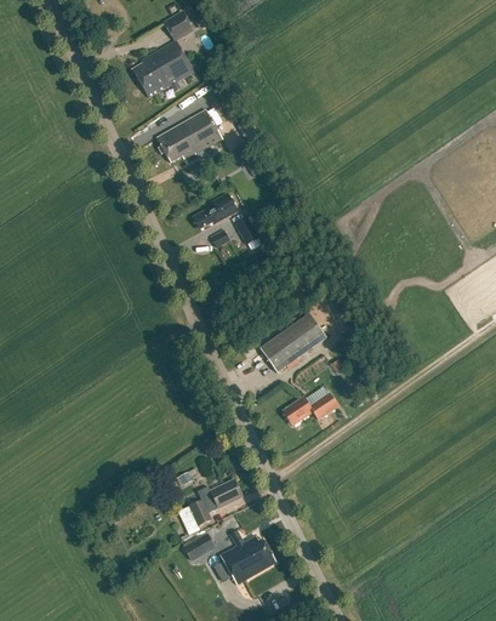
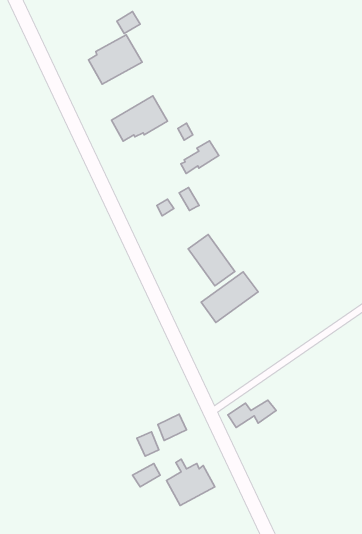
building: [194,193,238,230] -> [181,141,219,173]
building: none -> [188,235,235,286]
building: [283,393,338,425] -> [228,400,276,427]

